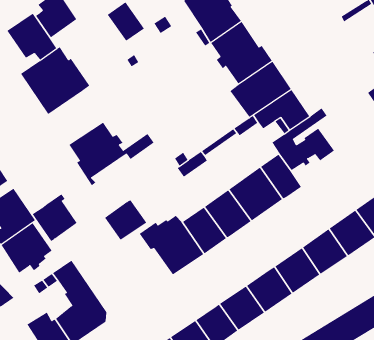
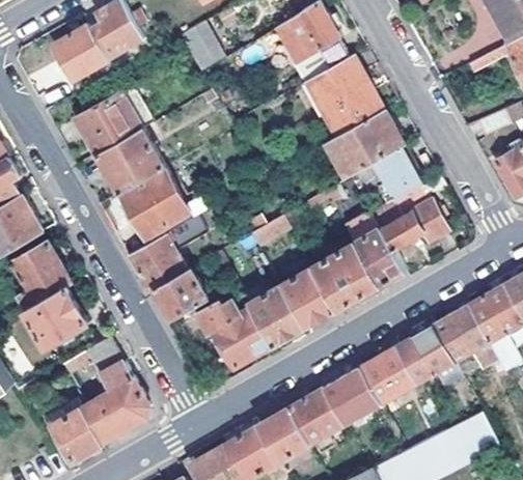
building: none -> [95,129,164,194]
building: [32,193,78,242] -> [129,232,185,291]

